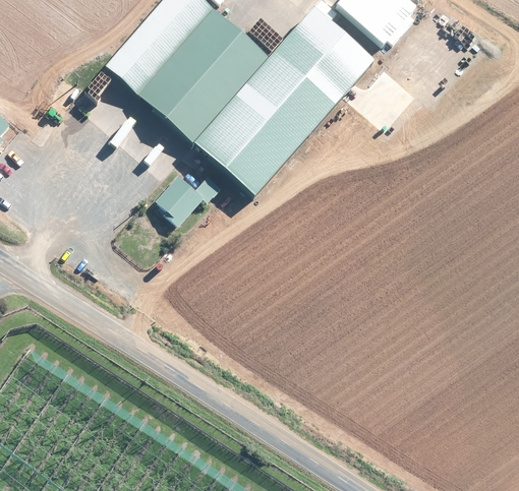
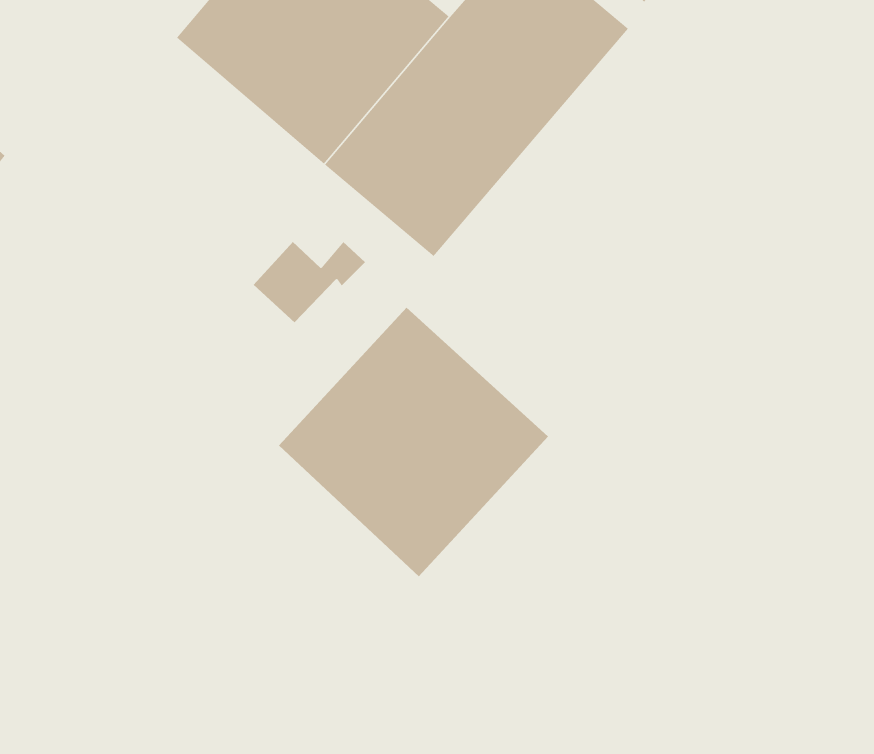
building: none -> [278,307,549,577]

